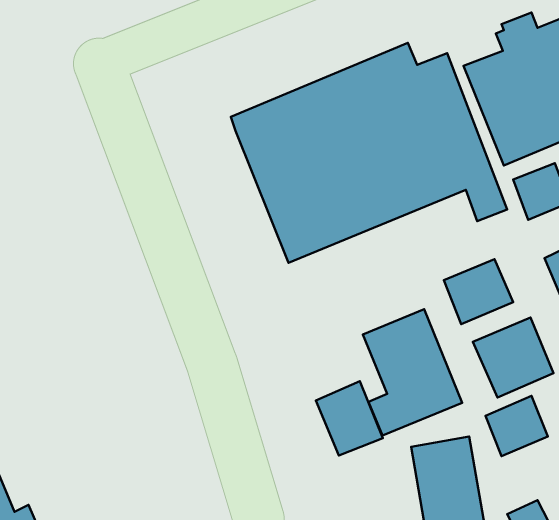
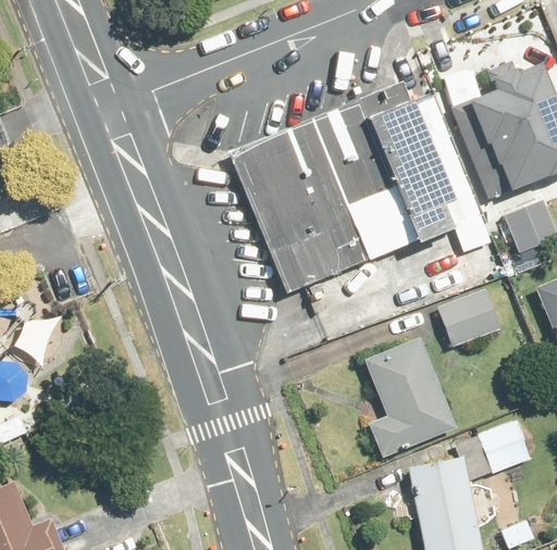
building: [473,317,553,398] -> none
building: [316,381,383,456] -> none

